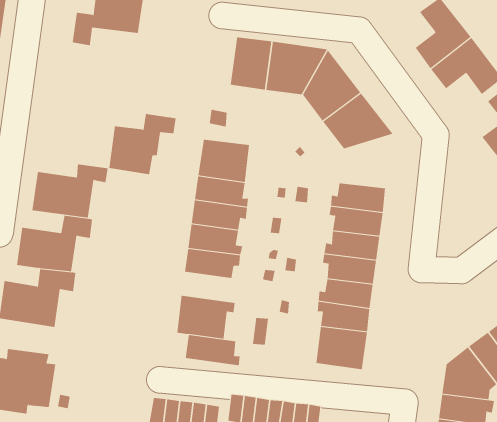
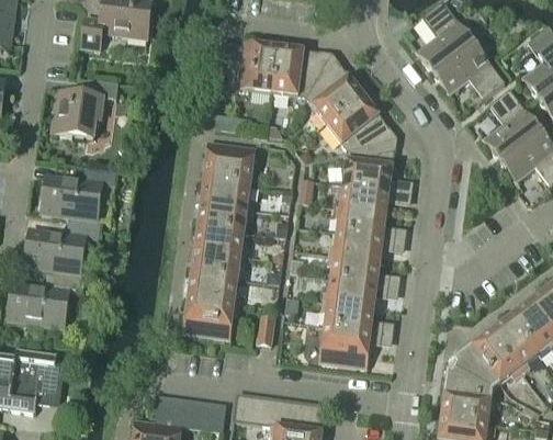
building: [108,114,176,175] -> [50,79,117,139]
building: none -> [342,137,396,191]
building: [185,335,241,366] -> [187,273,241,304]

